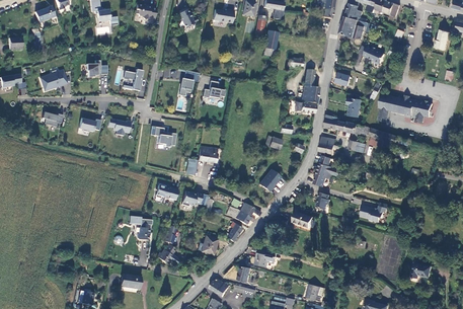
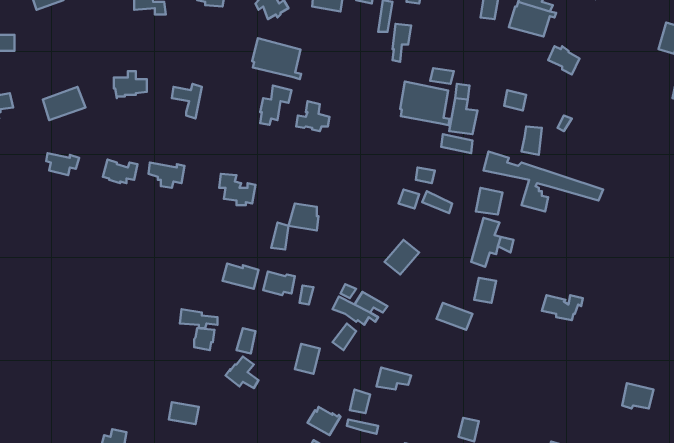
building: none -> [252,38,301,79]
building: none -> [400,82,449,125]
building: [378,92,433,124] -> none

